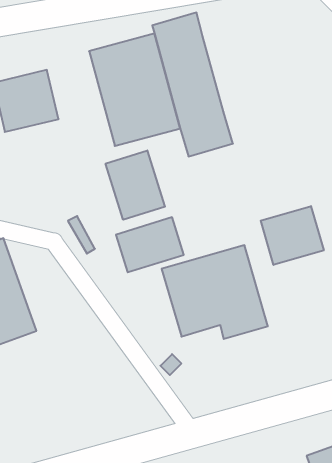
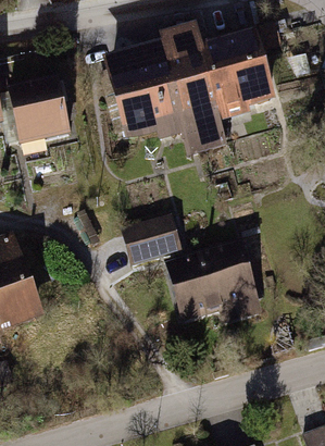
building: none -> [203,27,279,113]
building: [106,150,165,220] -> none
building: [261,206,324,265] -> none

